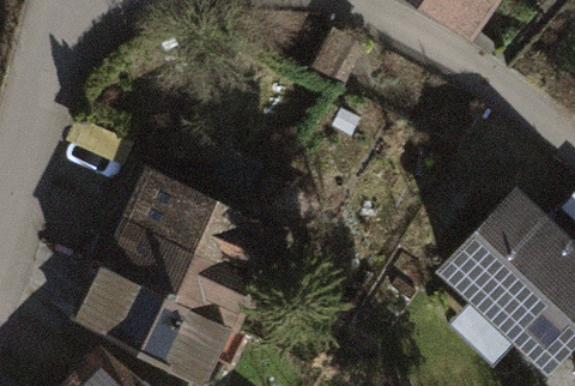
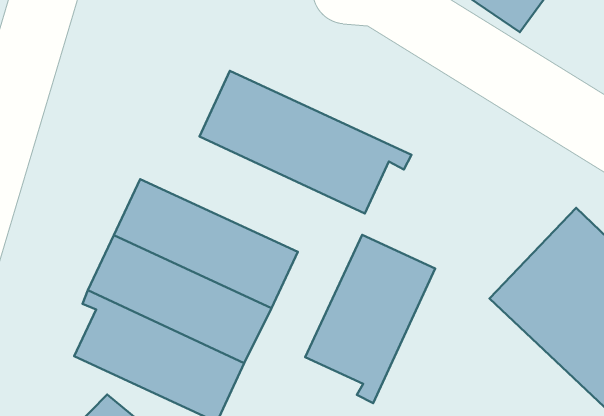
building: none -> [200,71,412,213]
building: none -> [305,235,435,403]

